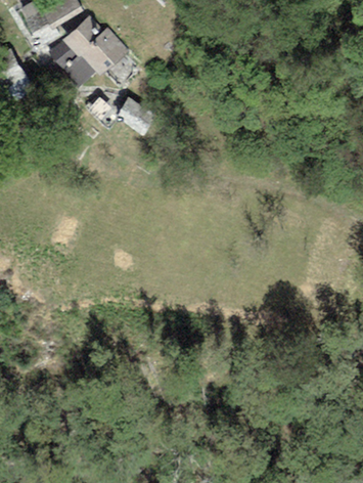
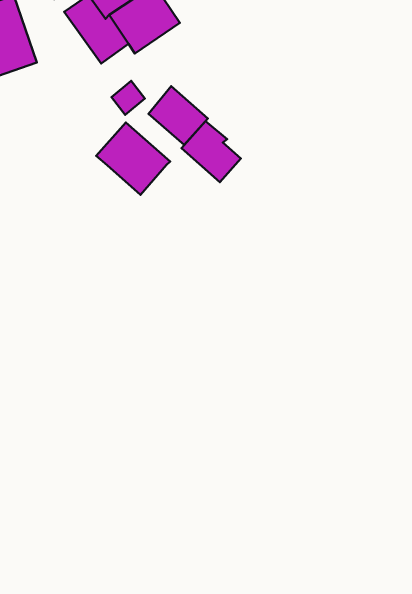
building: none -> [182,121,241,182]
building: none -> [96,122,170,195]

